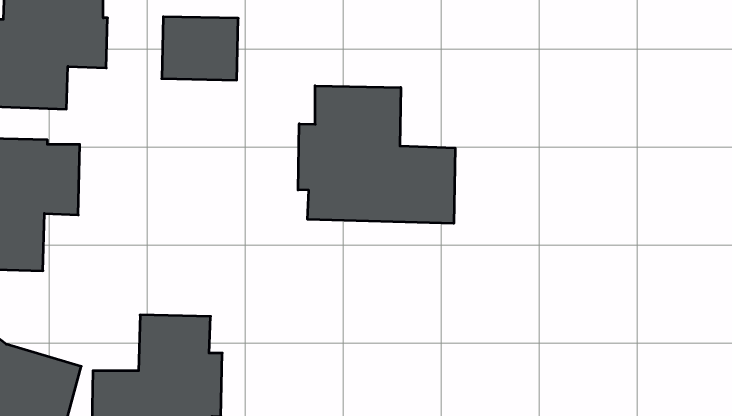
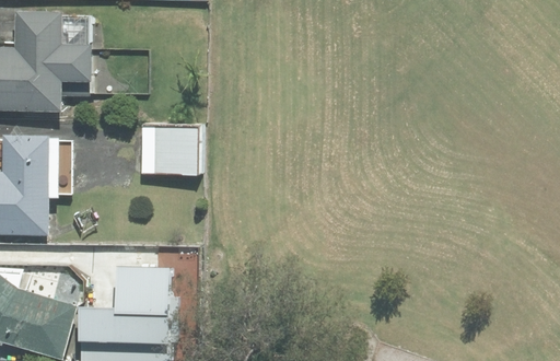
building: [162,17,238,80] -> [141,128,198,175]
building: [298,86,455,223] -> none

